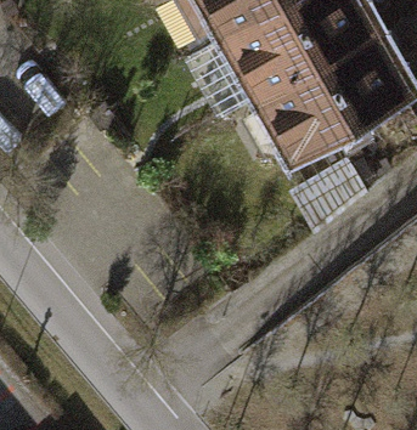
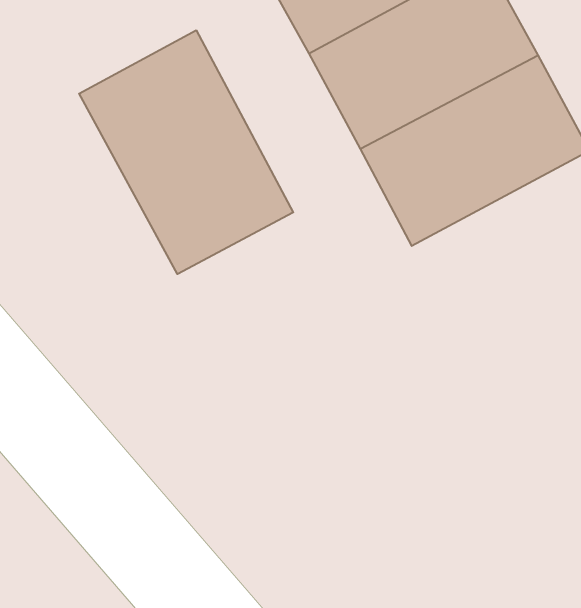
building: none -> [79,30,293,274]

